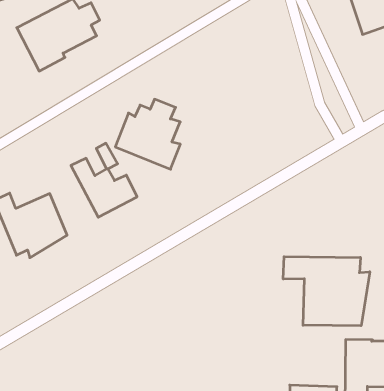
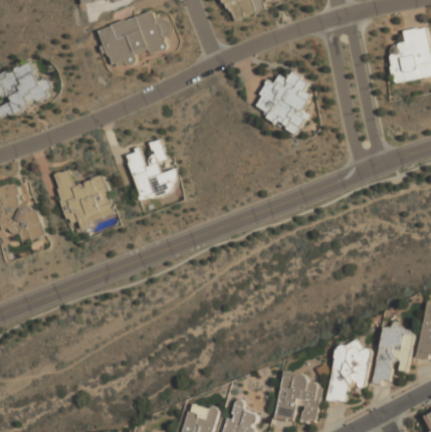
building: [115,99,180,169] -> [252,71,311,134]
building: [283,257,370,326] -> none

